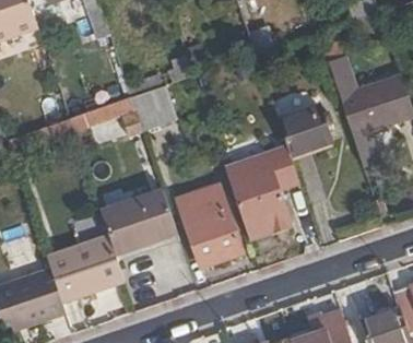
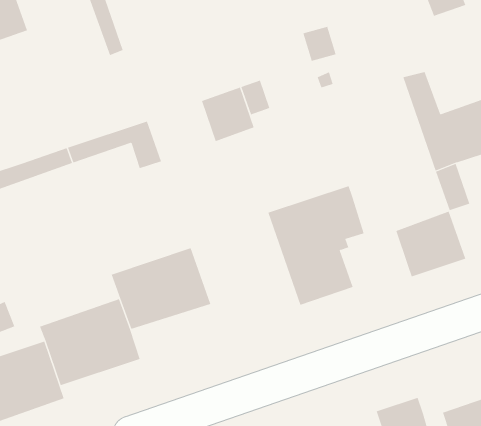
building: [130,86,172,129] -> [201,87,255,142]
building: [278,106,332,157] -> [396,211,466,277]
building: [178,186,241,264] -> none

